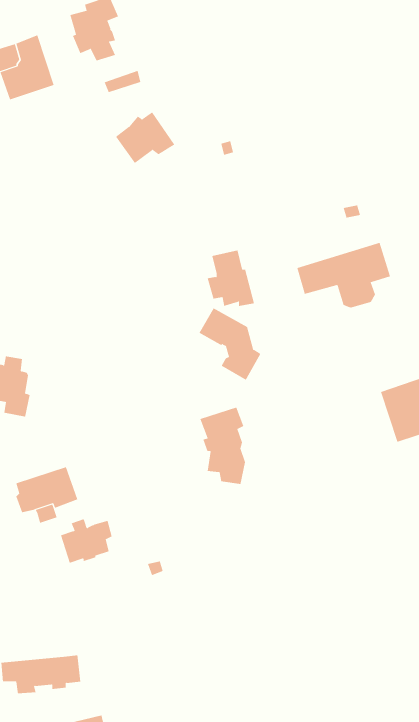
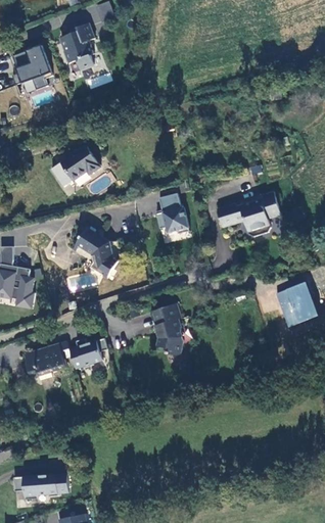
building: [115,111,175,164] -> [60,144,101,180]
building: [198,307,261,381] -> [79,229,122,279]
building: [60,519,113,563] -> [69,338,105,369]

